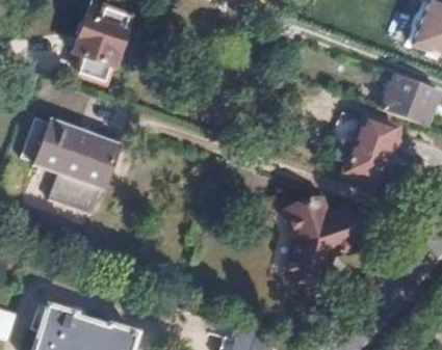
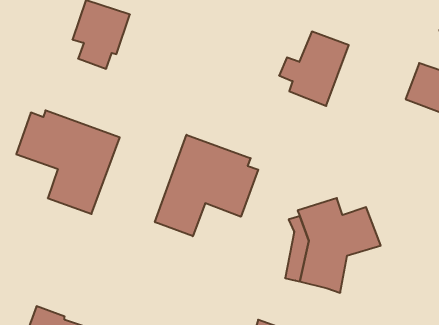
building: [334,112,398,181] -> [279,32,349,106]
building: none -> [155,135,258,236]

